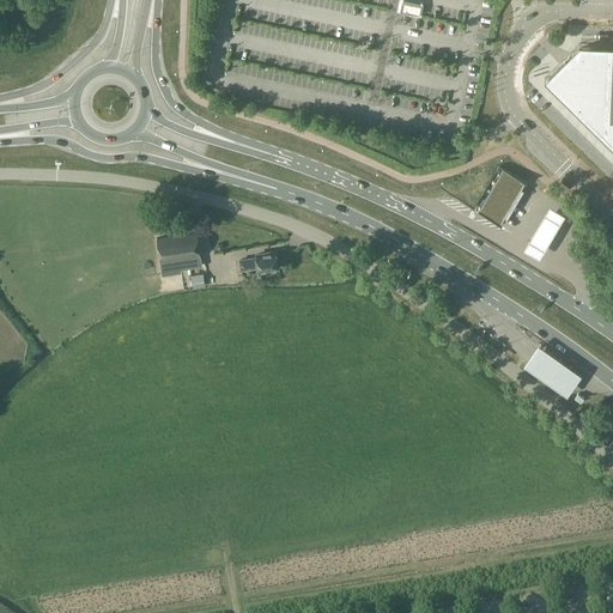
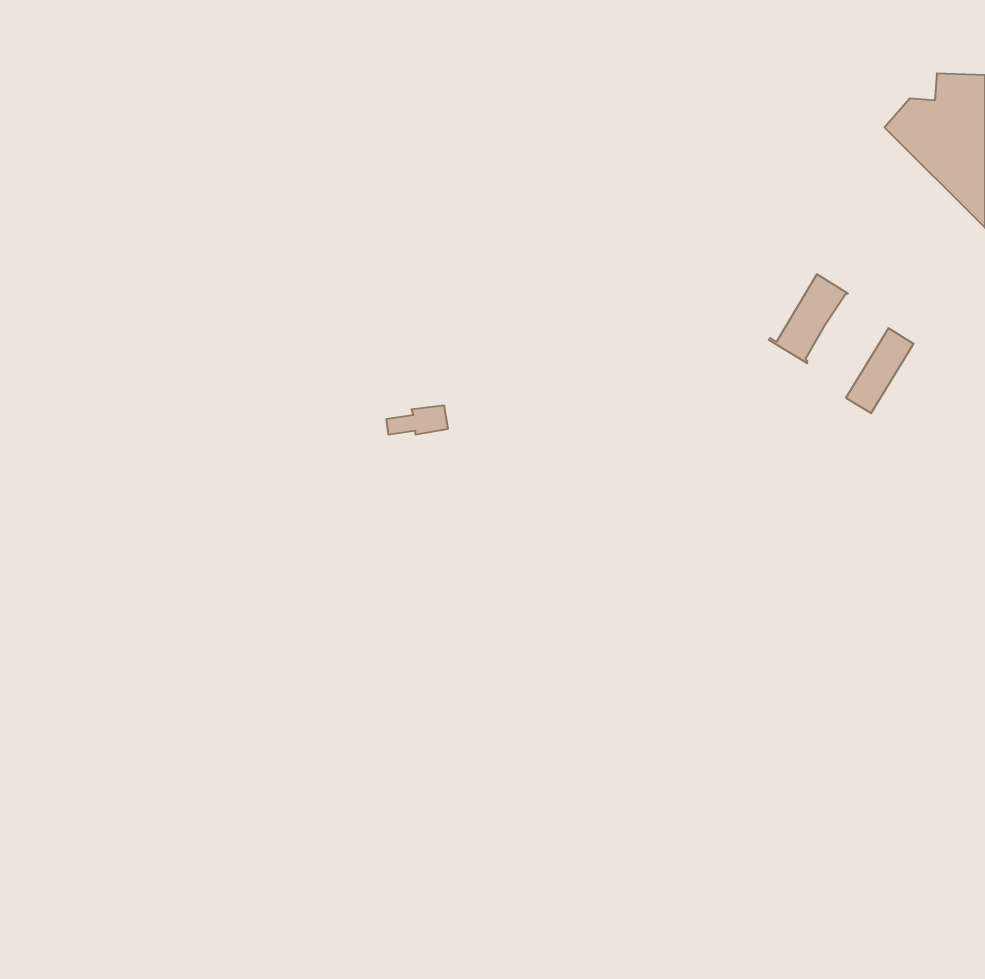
building: [157,237,200,273] -> none
building: [526,348,582,397] -> none

